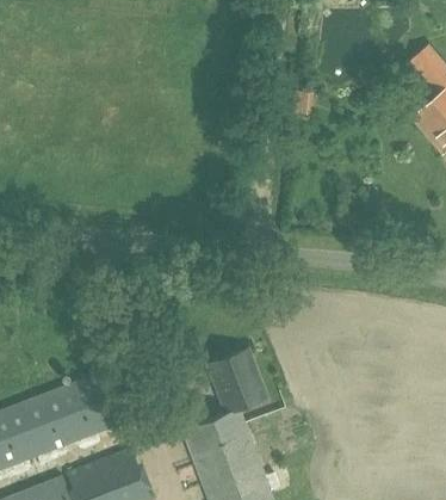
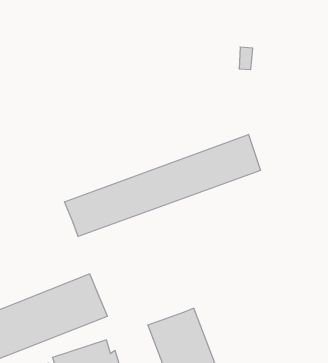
building: none -> [65,134,260,237]
building: [209,350,266,414] -> none

